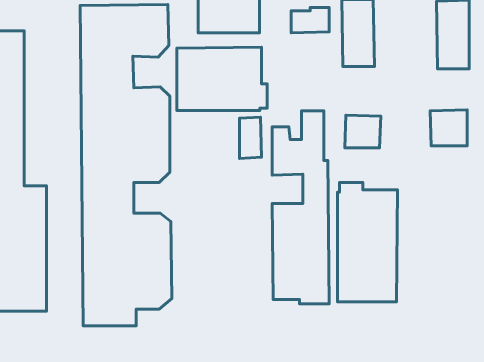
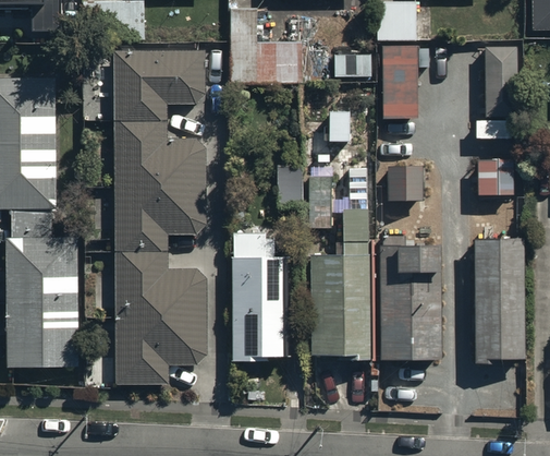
building: [177,47,267,110] -> none
building: none -> [229,233,284,361]
building: none -> [472,239,521,363]

